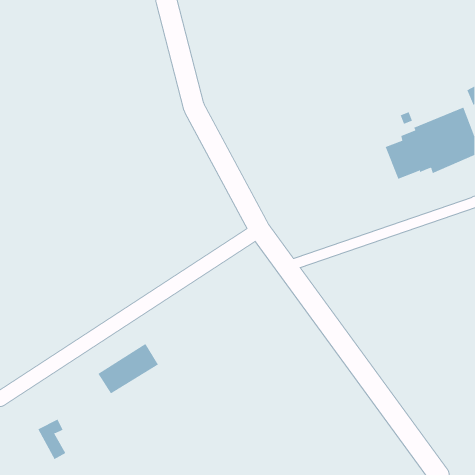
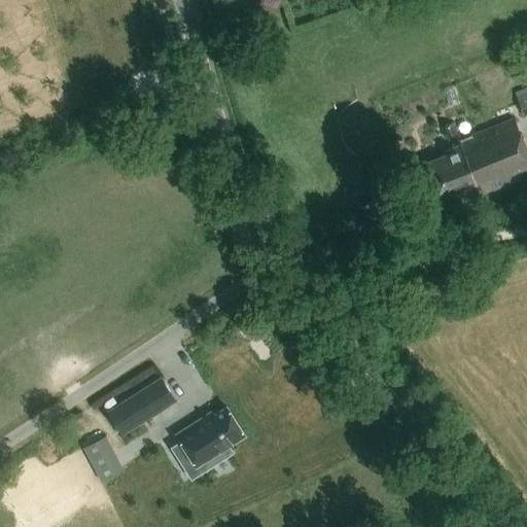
building: none -> [177,409,244,472]
building: [37,419,66,460] -> [83,436,115,482]

